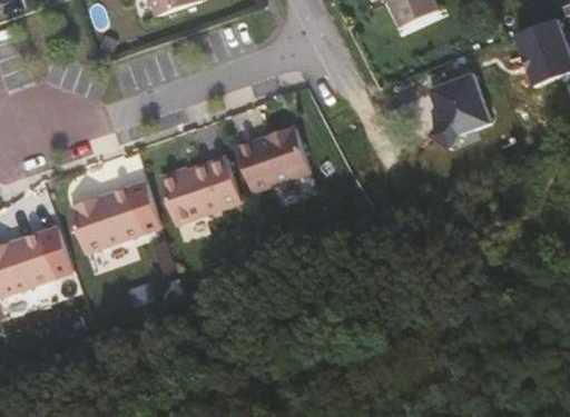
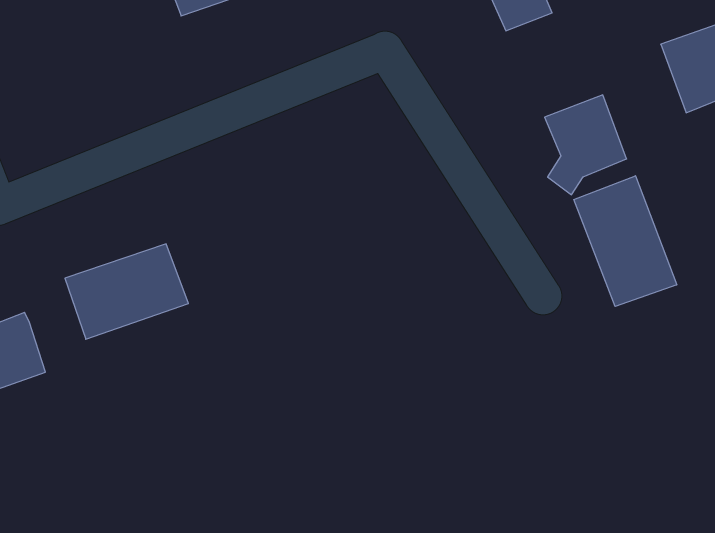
building: [235,126,308,190] -> none
building: none -> [574,176,677,306]
building: [160,157,242,225] -> none

